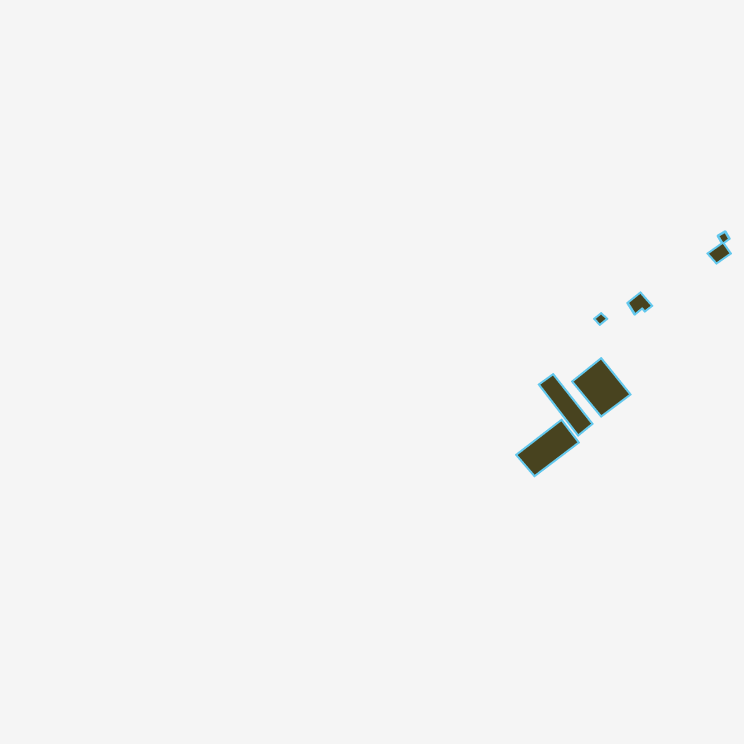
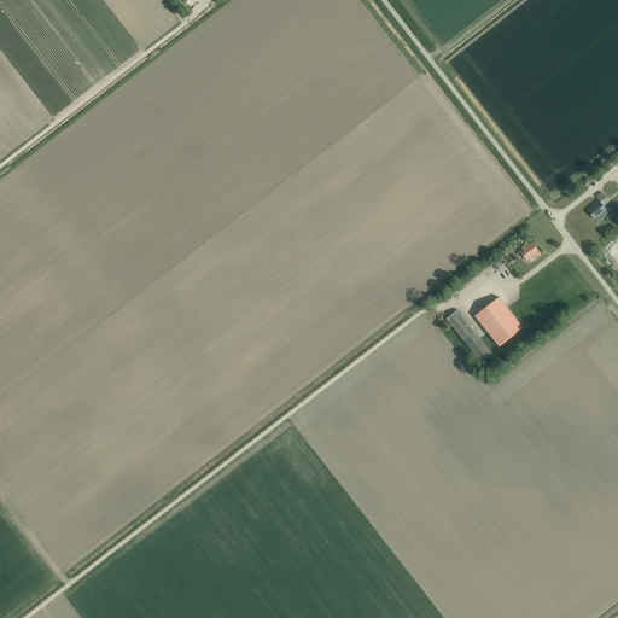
building: [516,420,579,476] -> none

